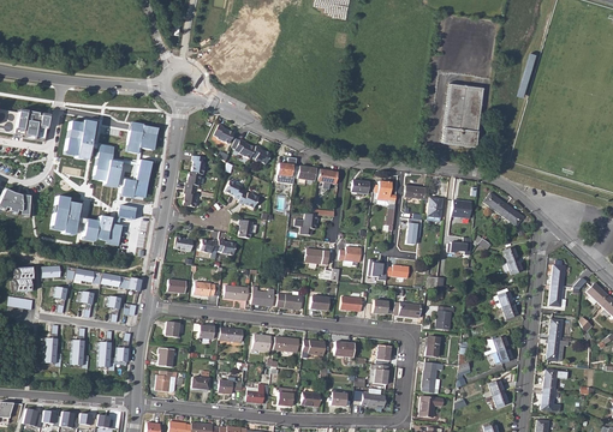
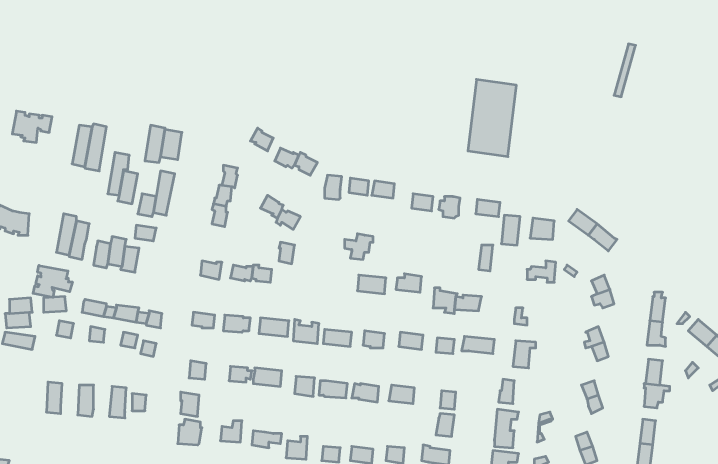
building: [444,83,484,148] -> [468,79,516,157]
building: none -> [33,265,72,297]

